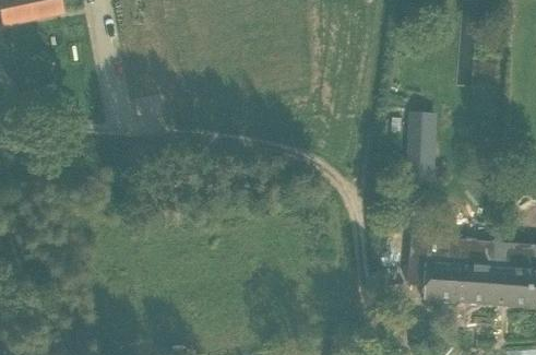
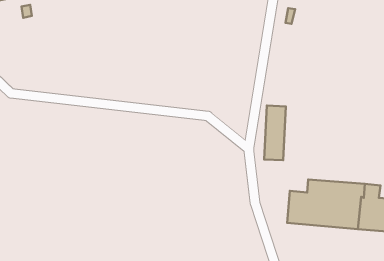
building: [408,113,436,181] -> [264,105,286,160]

